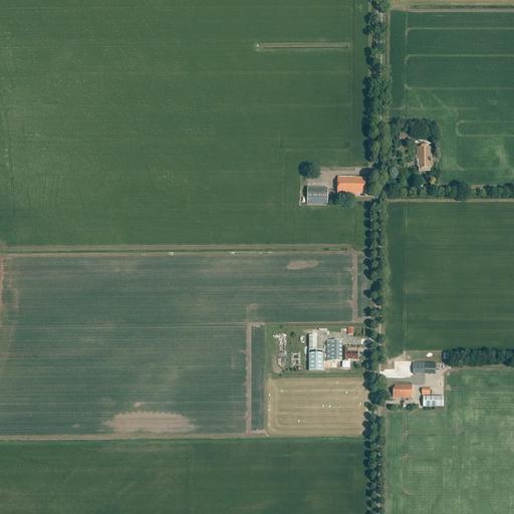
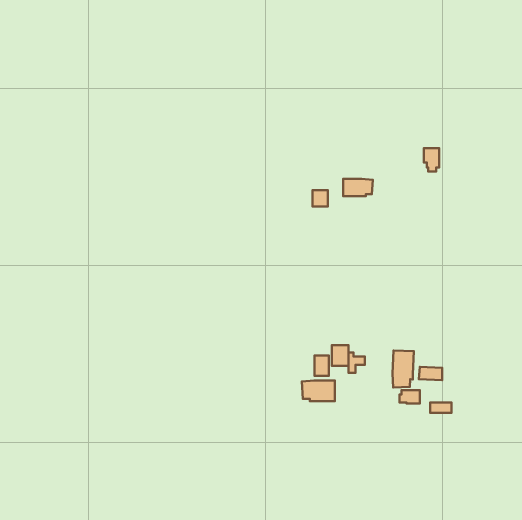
building: none -> [393,350,414,387]
building: none -> [302,380,335,401]

